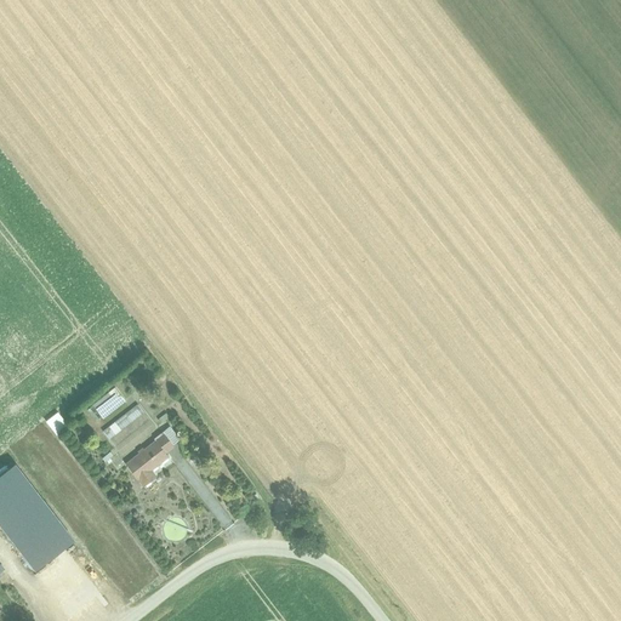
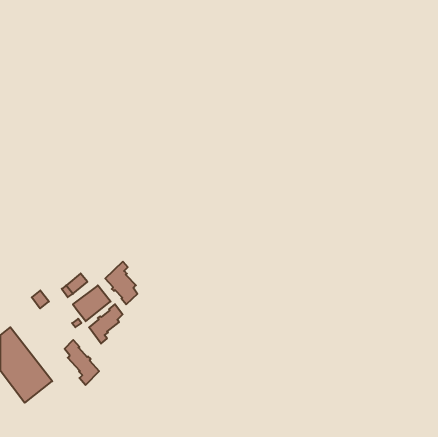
building: none -> [105,262,137,304]
building: none -> [65,340,99,385]

